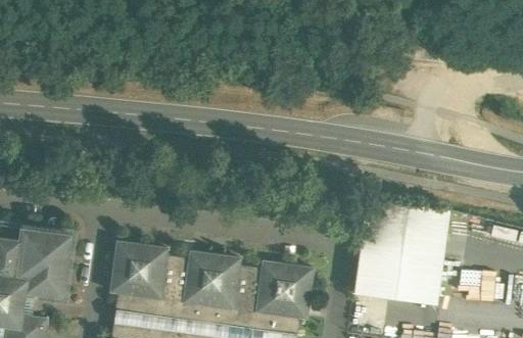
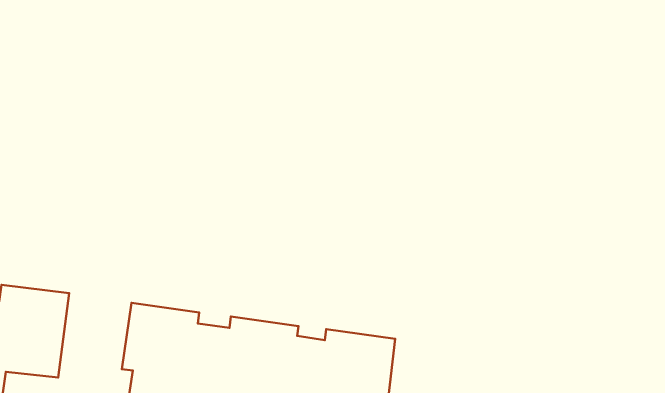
building: [355,201,448,304] -> none

